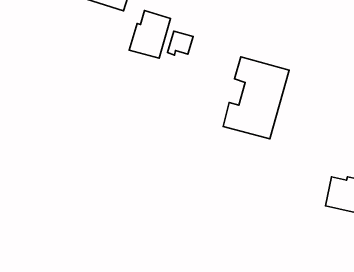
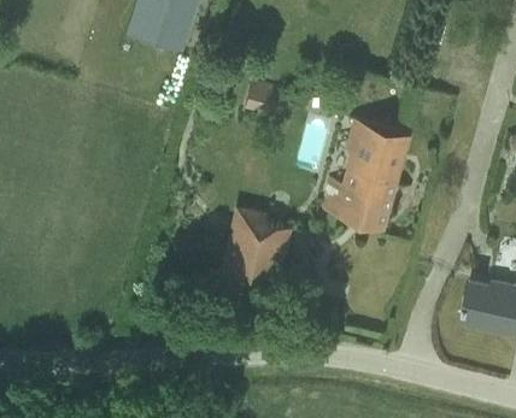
building: [129,10,171,58] -> none
building: none -> [221,206,292,294]

